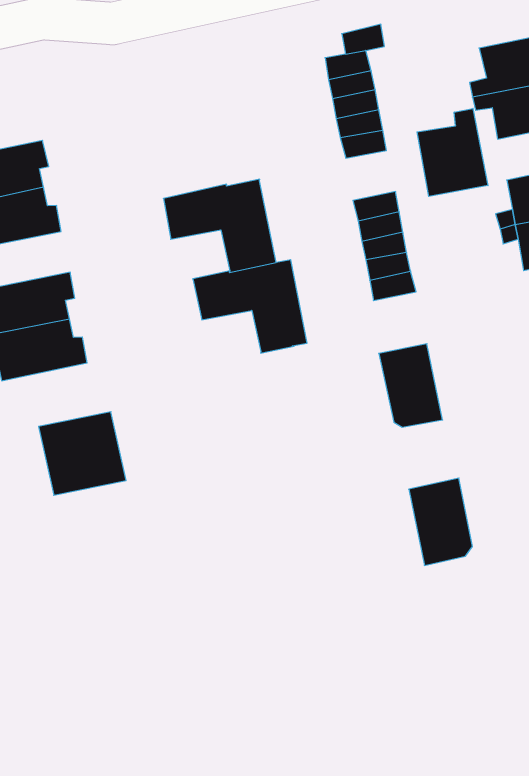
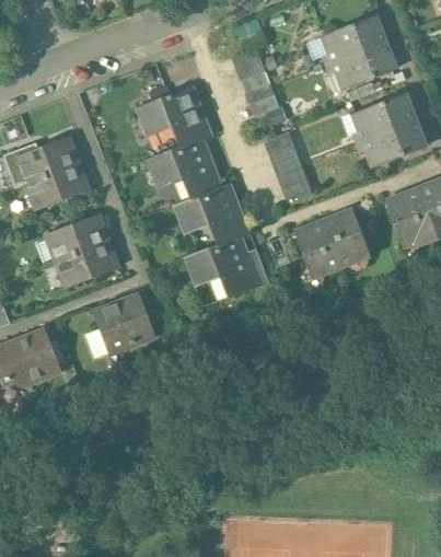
building: none -> [136,86,211,146]
building: [417,108,488,196] -> none
building: none -> [184,236,260,295]
building: [409,478,472,565] -> [323,209,368,266]

